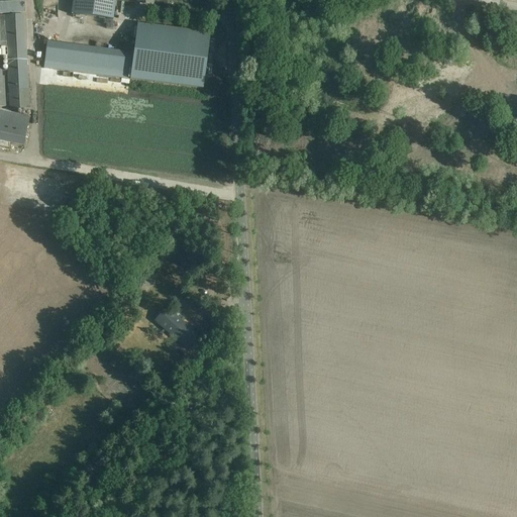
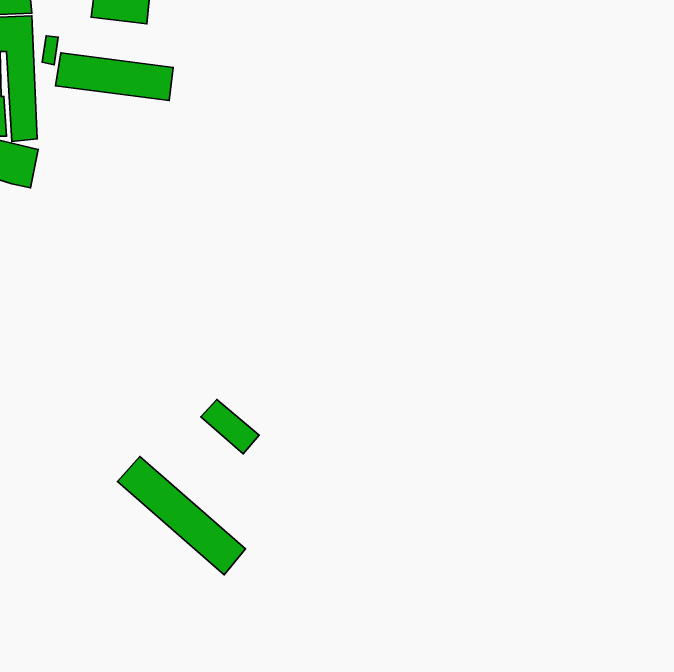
building: [129,21,209,86] -> none
building: none -> [117,456,245,575]

